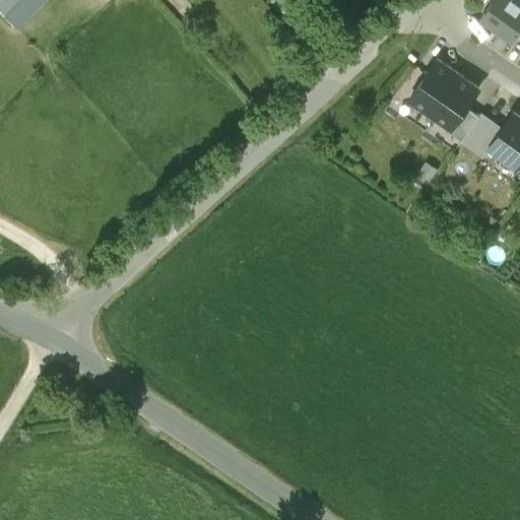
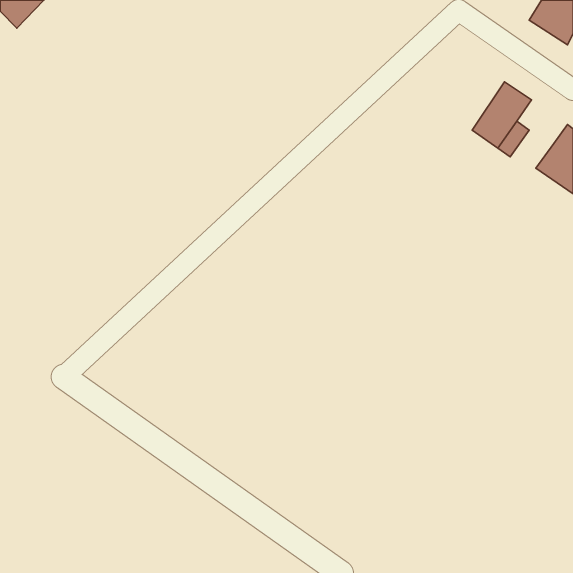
building: [406,60,457,118] -> none
building: [461,115,502,157] -> none

